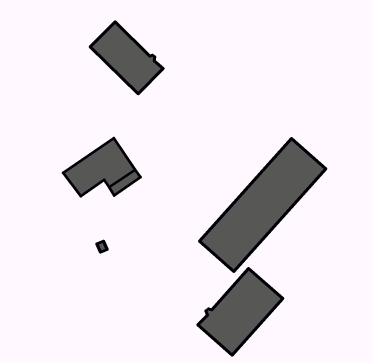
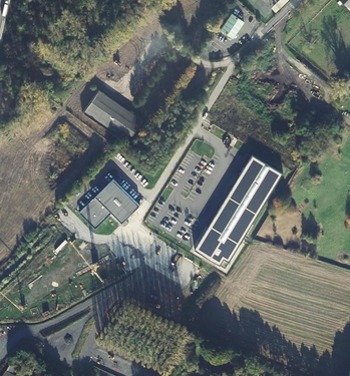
building: [198,268,283,355] -> none

